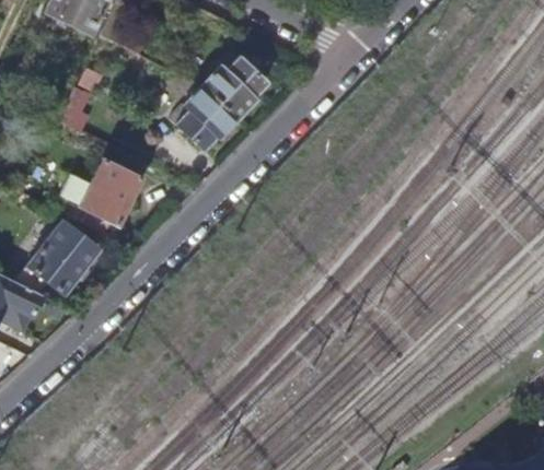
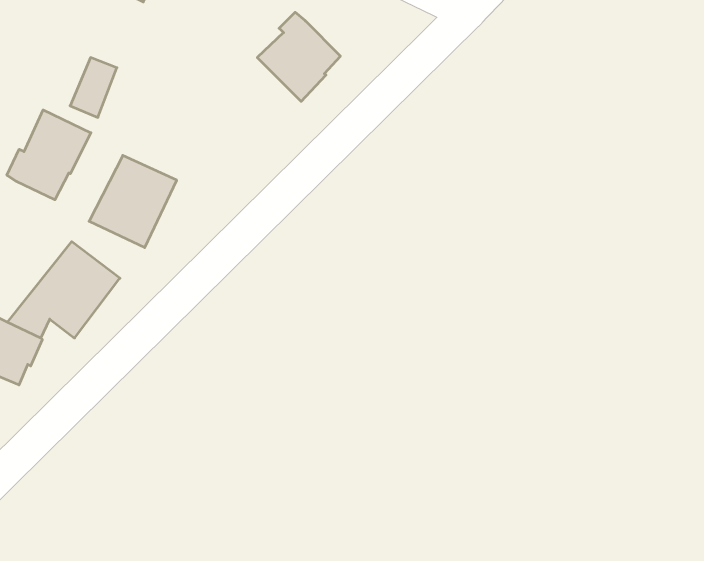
building: [177,84,236,148] -> none
building: none -> [7,110,91,200]

